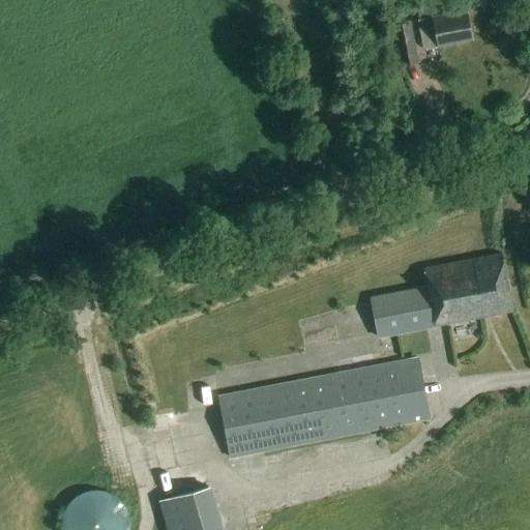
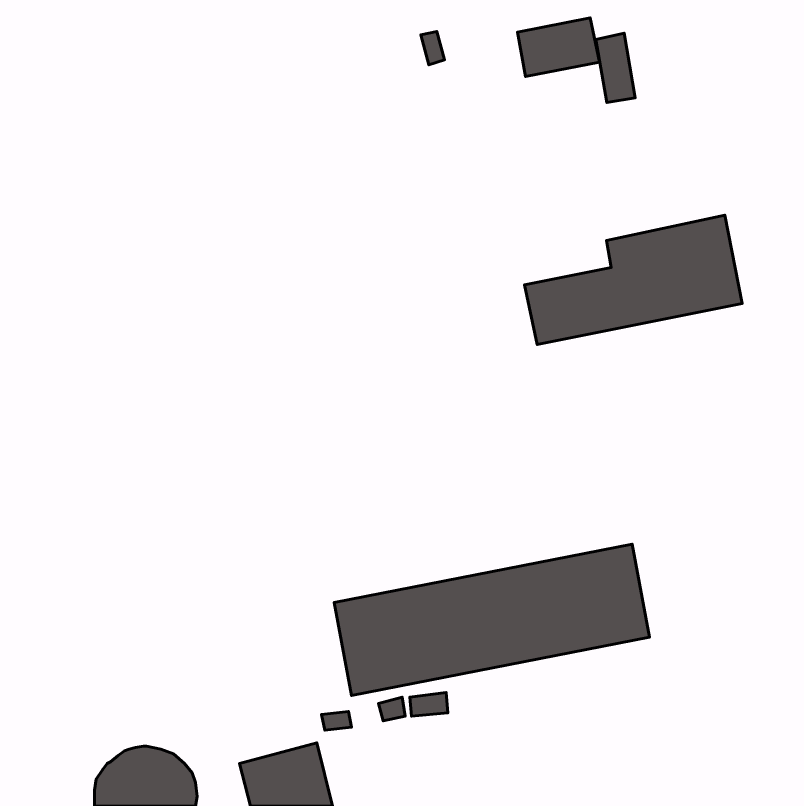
building: [418,10,472,49] -> [518,18,600,76]
building: [370,252,512,336] -> [525,215,742,345]

